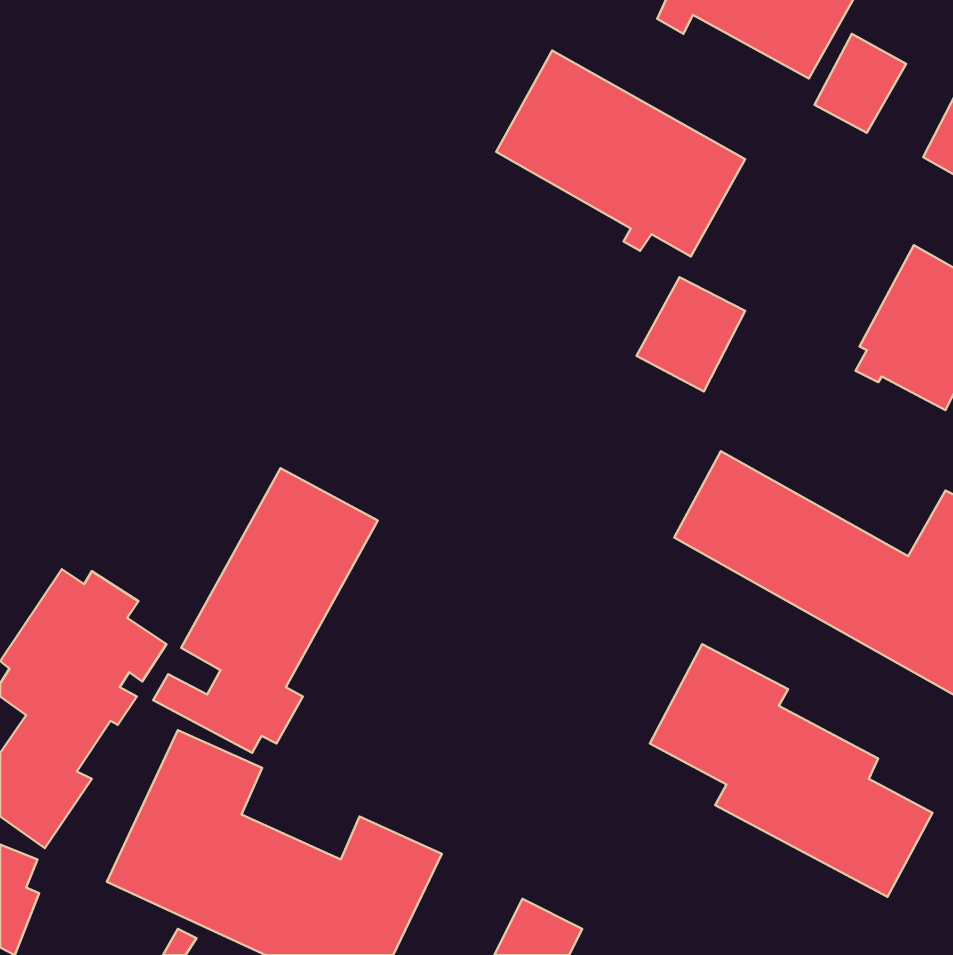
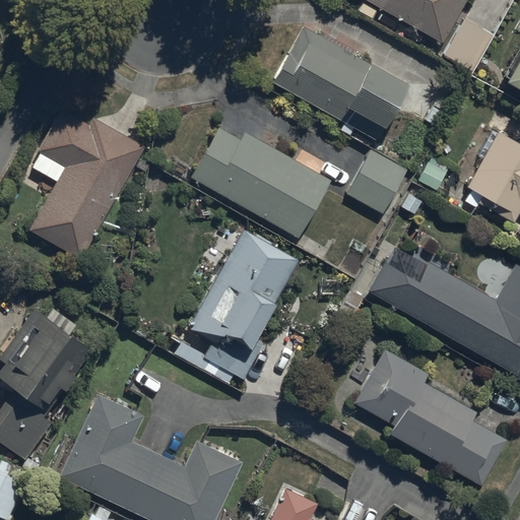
building: none -> [31,110,146,258]
building: none -> [189,128,331,239]
building: [153,468,378,753] -> [175,231,297,385]

